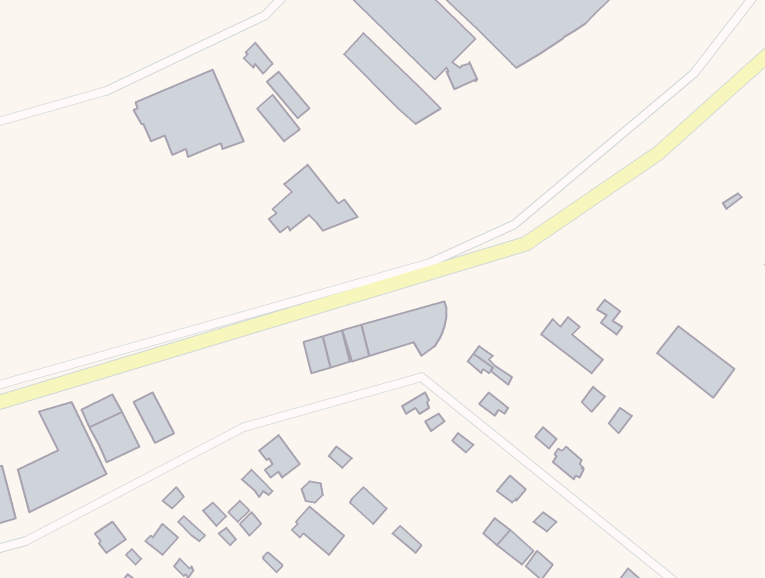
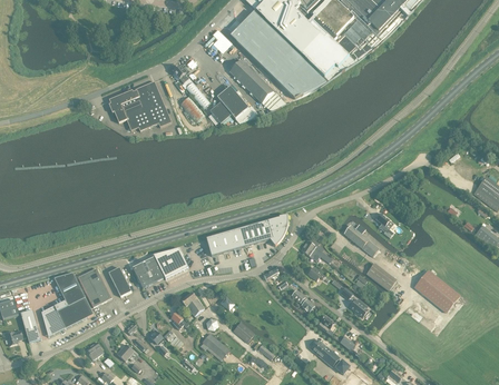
building: [269,165,358,232] -> [207,85,258,124]
building: [657,326,734,398] -> [414,269,459,310]
building: none -> [131,247,187,286]

